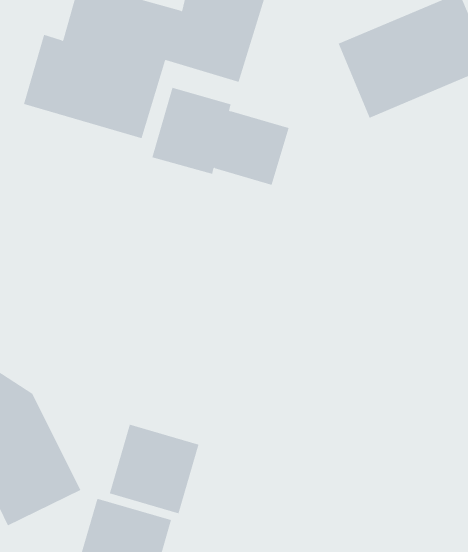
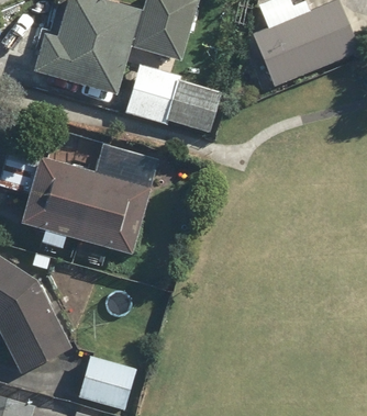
building: none -> [23,150,157,251]
building: [109,424,199,514] -> none

